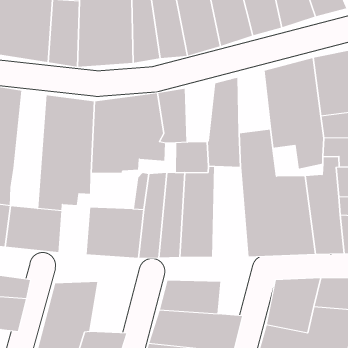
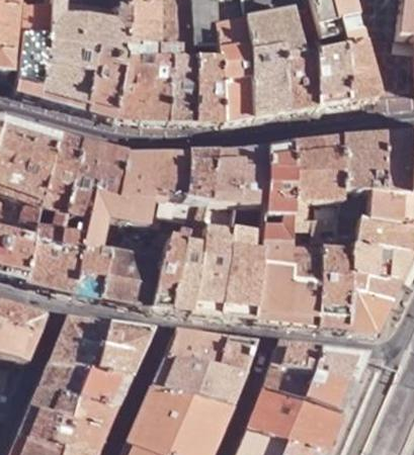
building: none -> [263,144,295,200]
building: none -> [213,150,246,204]
building: none -> [36,132,84,247]
building: none -> [223,229,260,318]
building: none -> [77,246,111,296]
building: none -> [221,339,255,374]
building: none -> [96,324,152,376]

